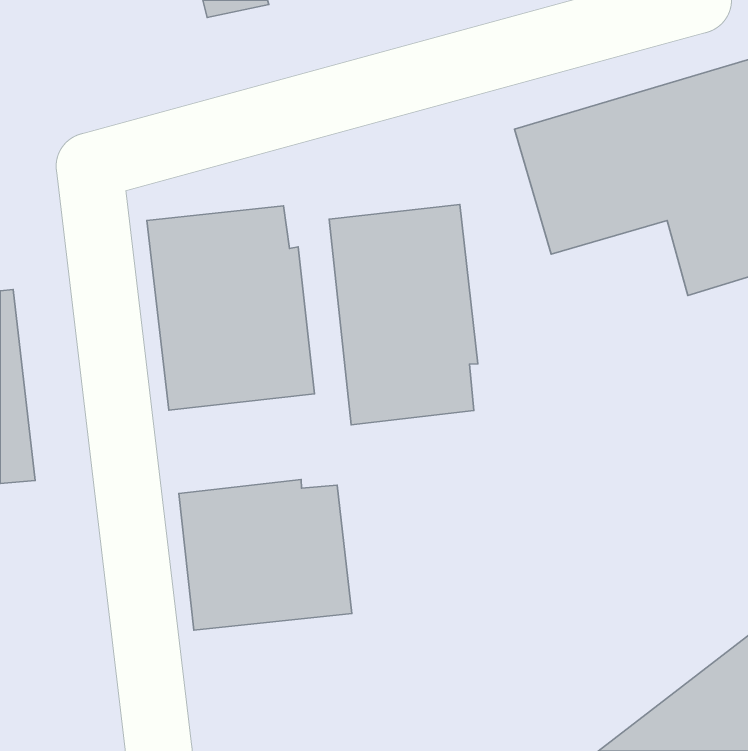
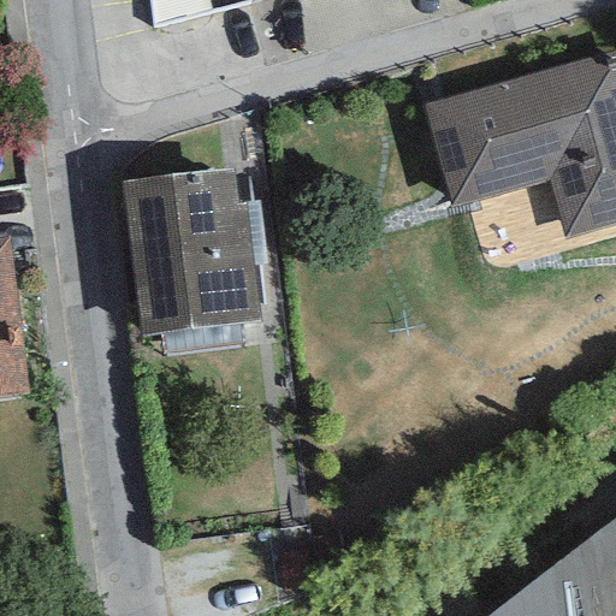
building: [329,205,478,425] -> none
building: [179,480,352,630] -> none

